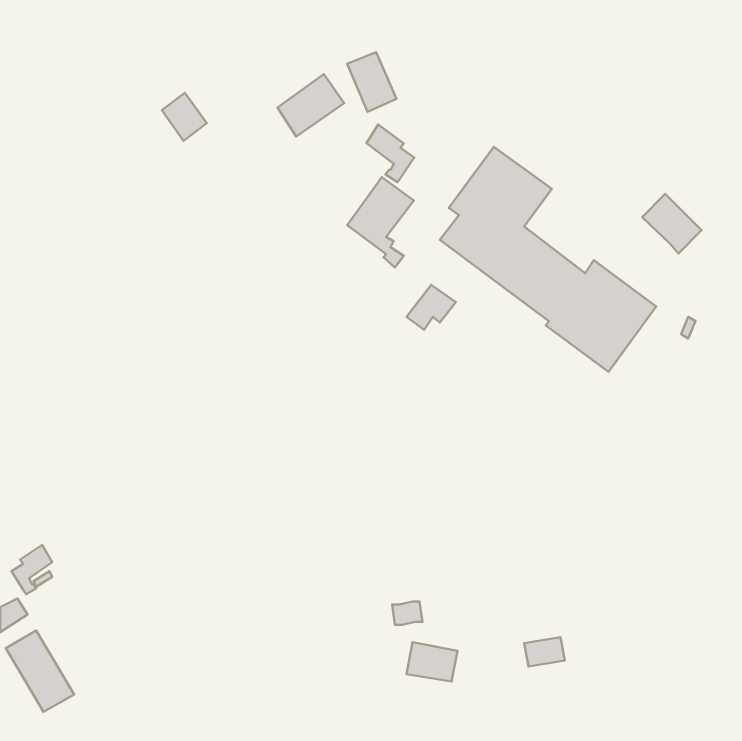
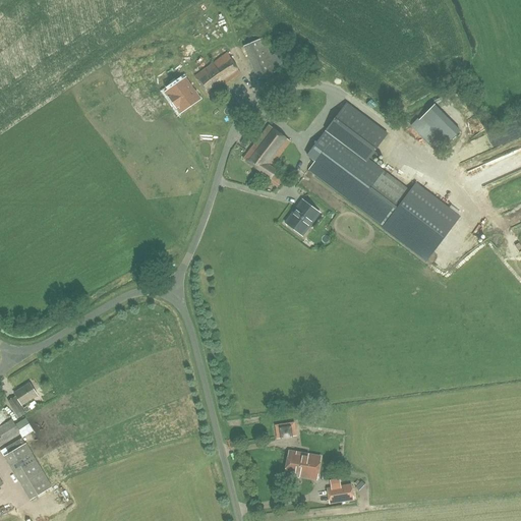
building: [162,93,207,141] -> [166,78,197,112]
building: [366,125,414,182] -> none
building: [642,194,702,254] -> [418,104,460,146]
building: [524,637,565,666] -> [326,483,354,504]

